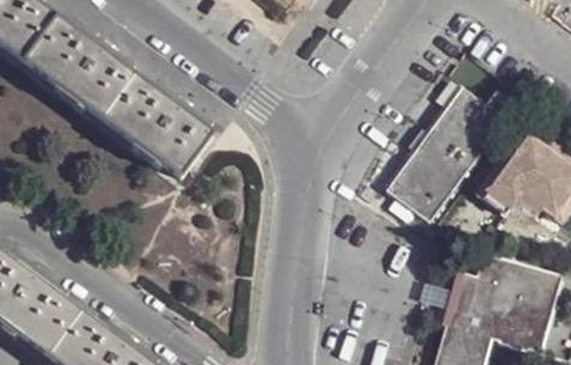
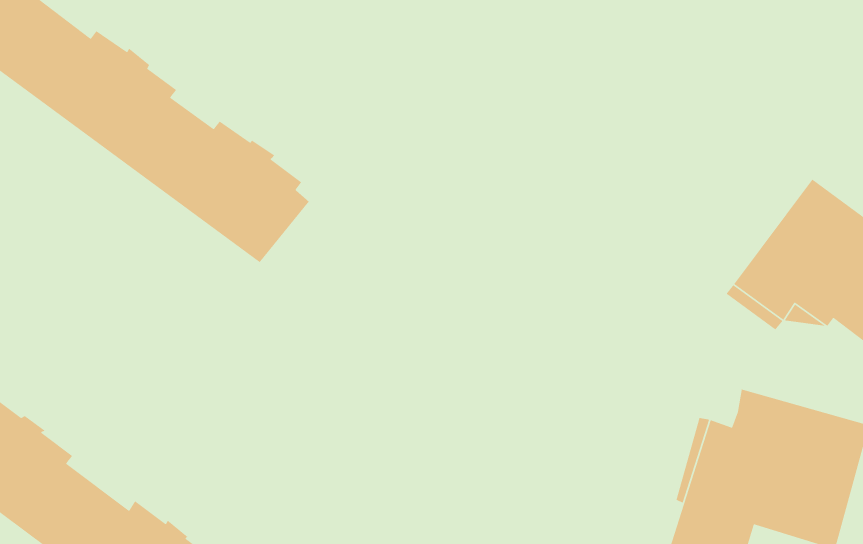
building: [386,87,515,223] -> none

